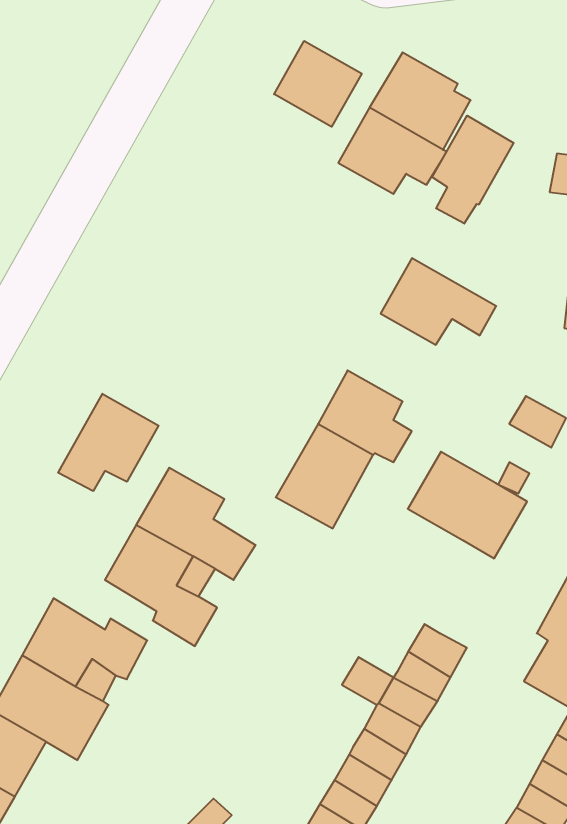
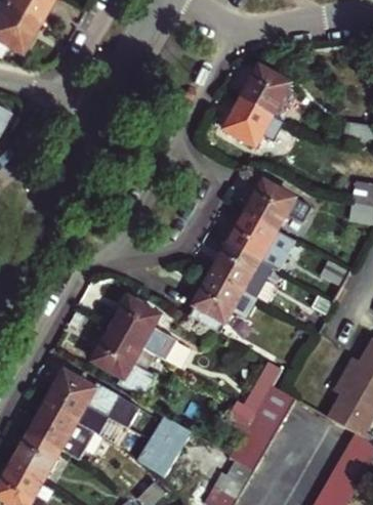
building: [274,41,362,127] -> none
building: [432,116,514,224] -> none
building: [58,394,159,491] -> none
building: [408,452,527,558] -> [227,211,294,270]
building: none -> [137,410,194,473]

